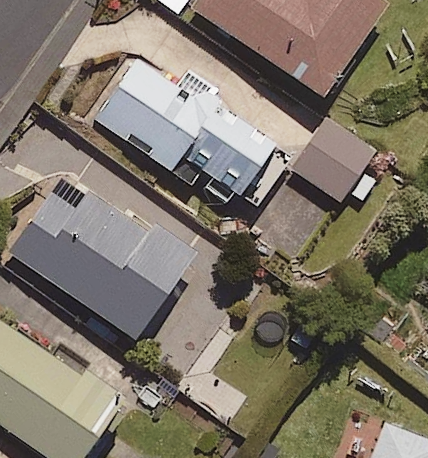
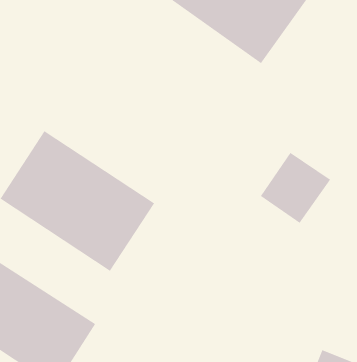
building: [96,61,285,205] -> none
building: [291,118,373,201] -> [260,152,331,224]

